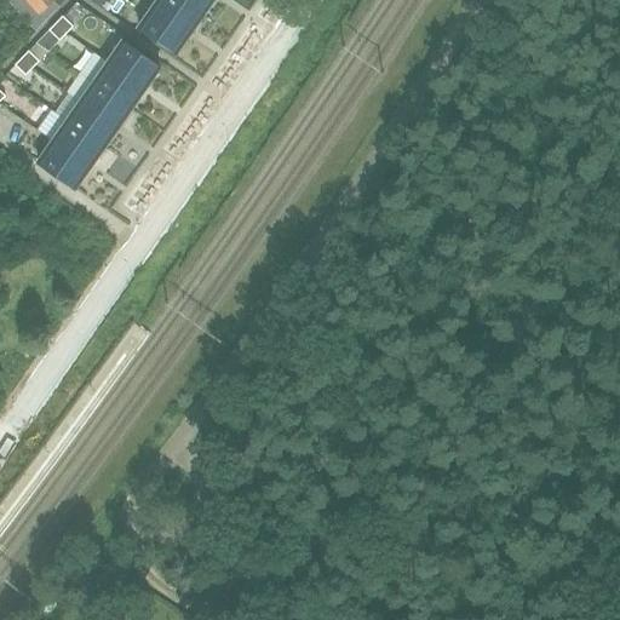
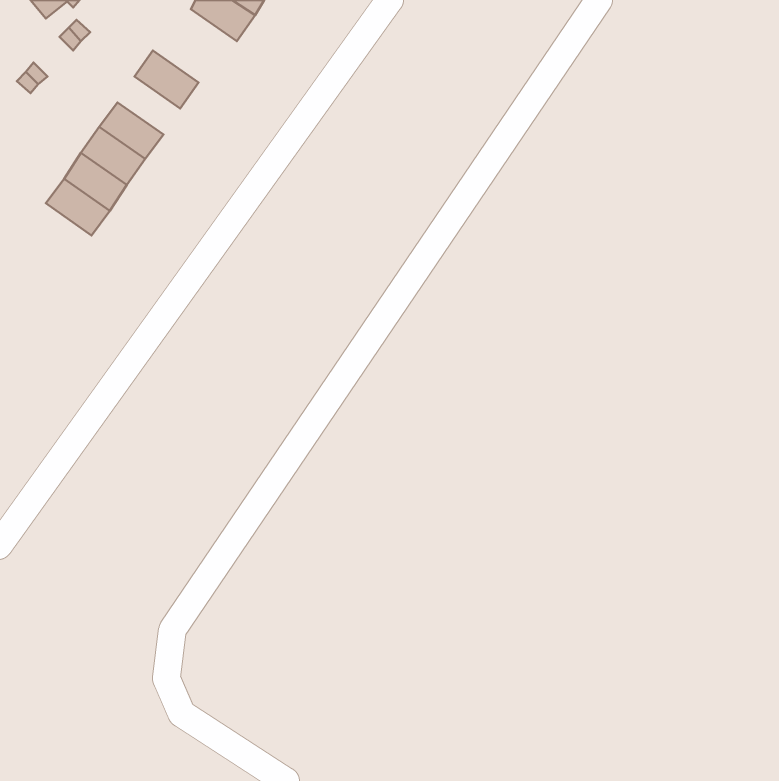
building: [137,7,188,52] -> none
building: [93,61,143,107] -> none

